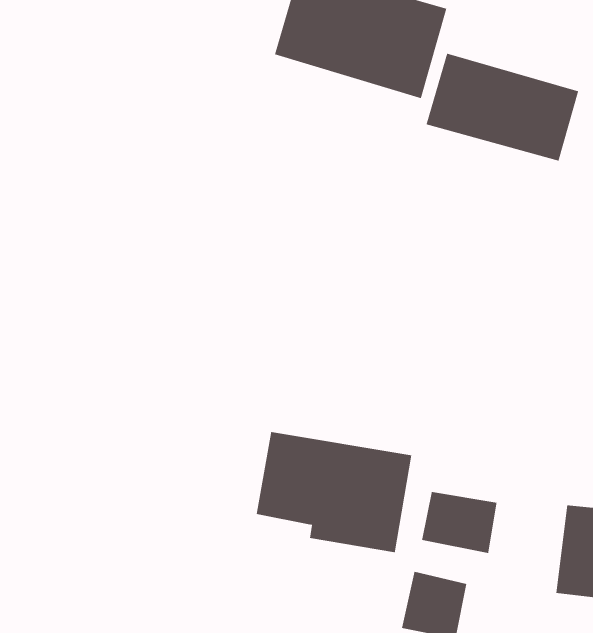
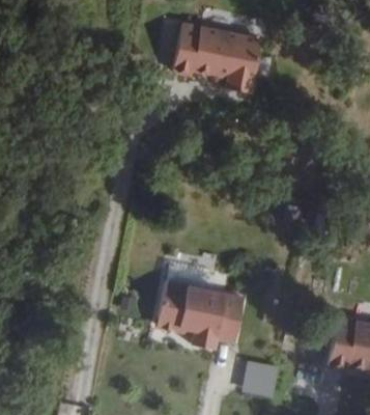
building: [426,53,579,162] -> none
building: [421,491,497,554] -> none

